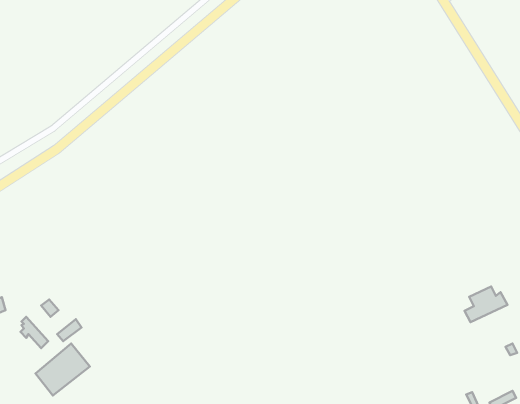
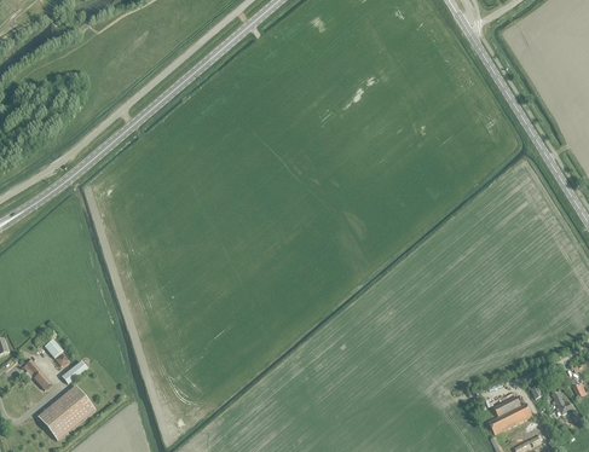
building: [465,286,507,322] -> [487,395,532,433]

